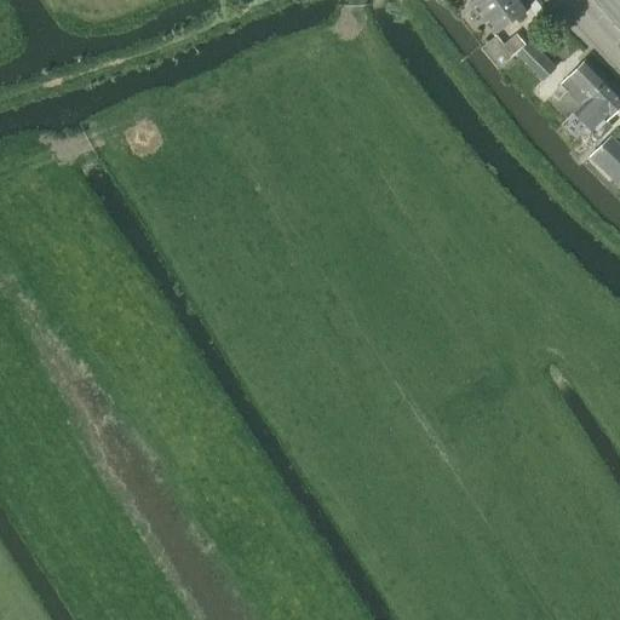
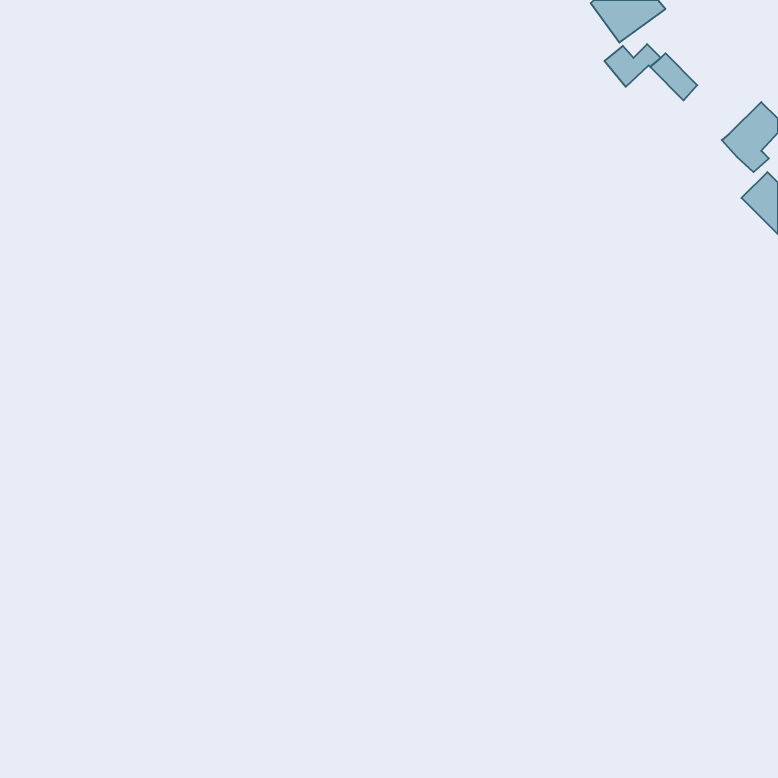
building: [551,61,605,107] -> none

